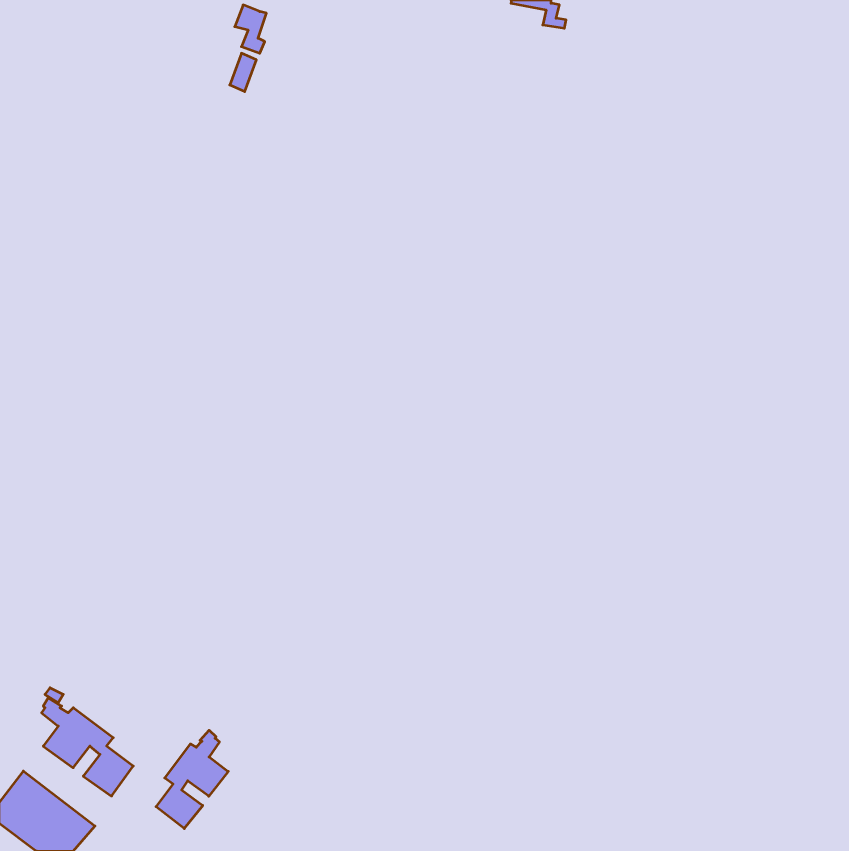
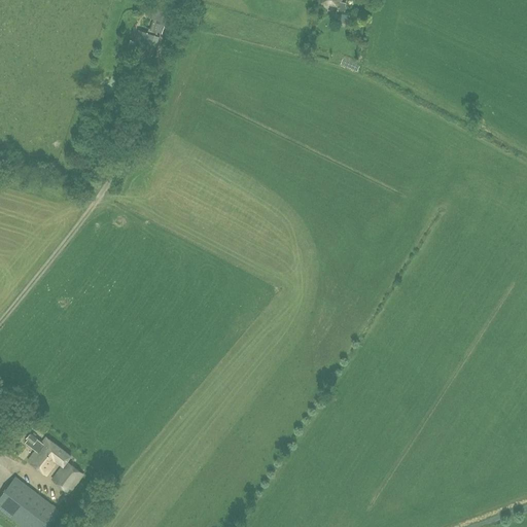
building: [156,730,228,829] -> none

